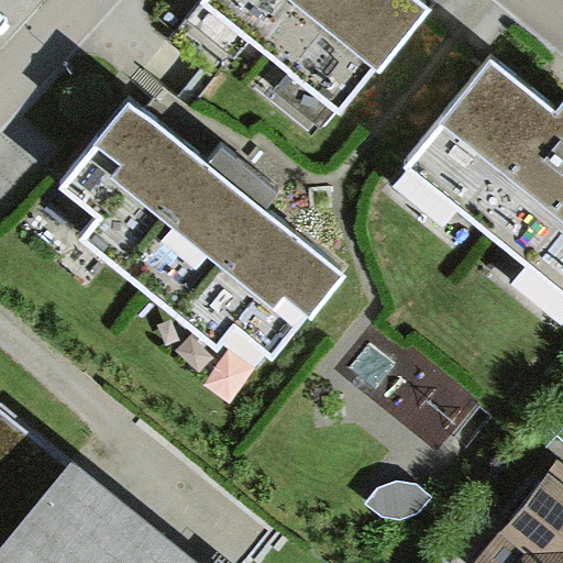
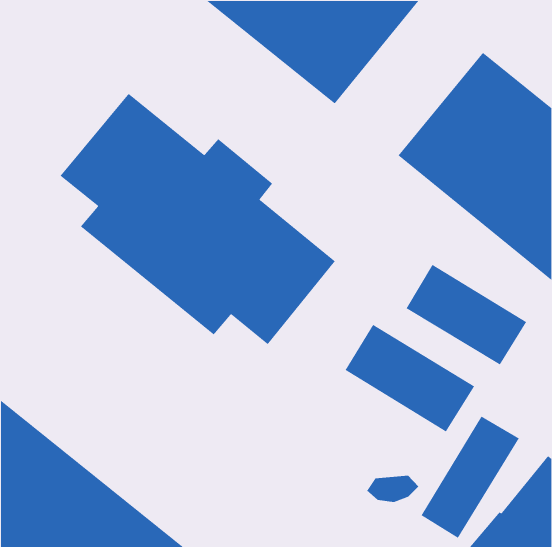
building: none -> [405,264,527,366]
building: none -> [421,415,520,539]

